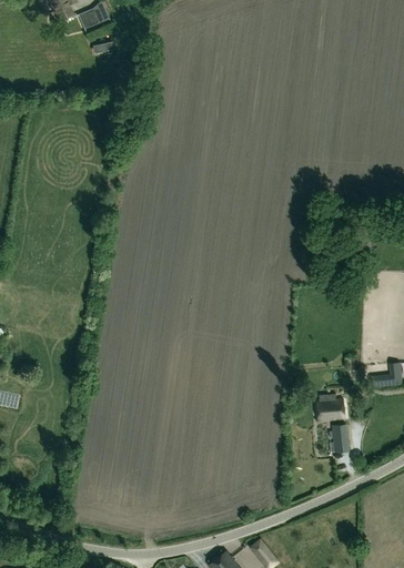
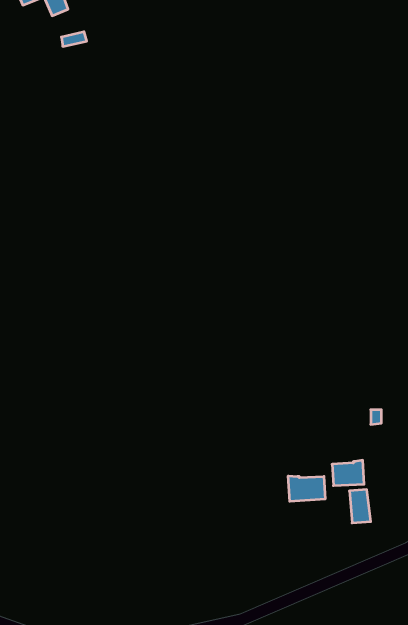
building: none -> [288,476,325,501]

